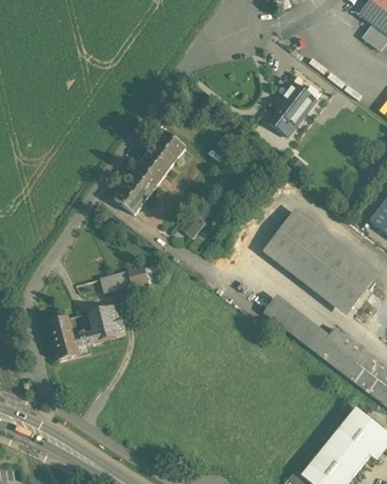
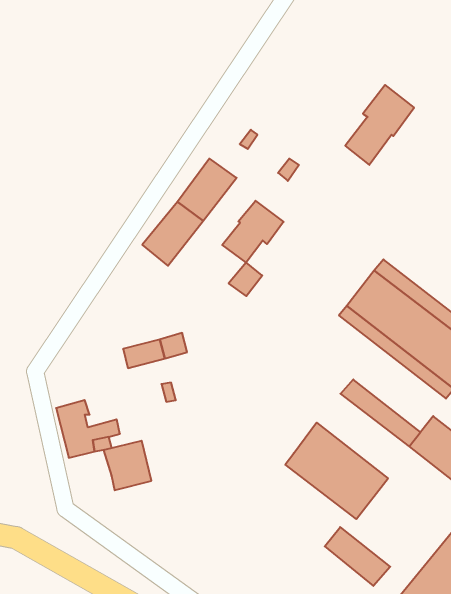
building: none -> [222,201,284,263]
building: [87,302,124,340] -> [103,441,151,490]
building: none -> [285,423,388,519]
building: none -> [325,527,390,586]

